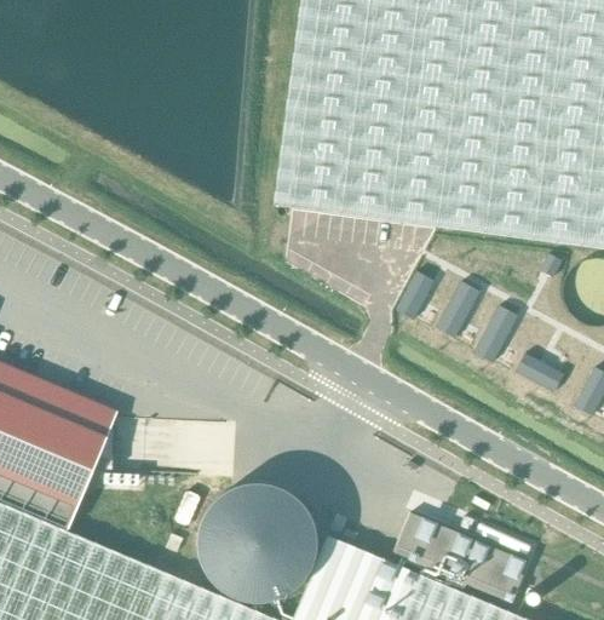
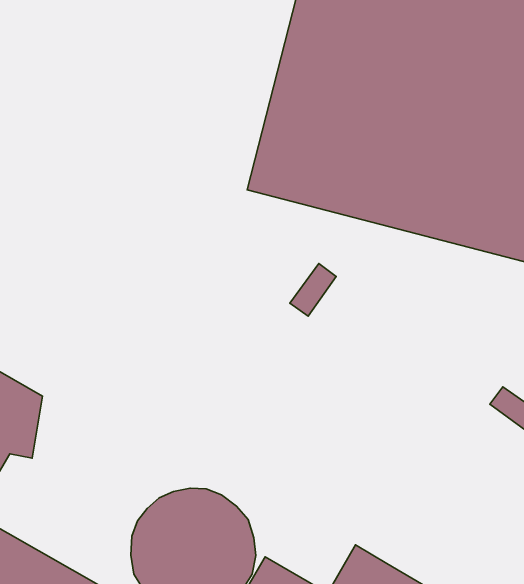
building: [395,272,433,321] -> [290,264,336,316]
building: [435,282,479,339] -> none
building: [473,306,517,363] -> none

